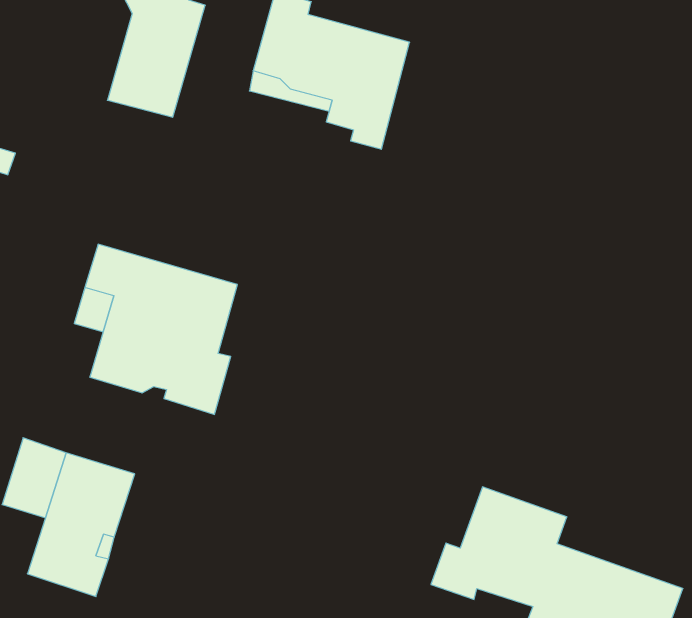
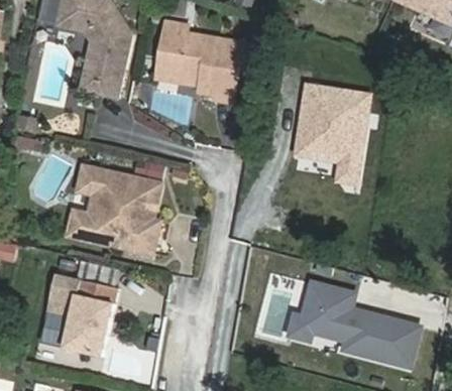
building: none -> [286,81,370,183]

